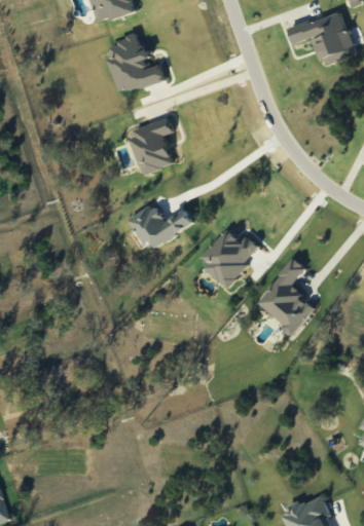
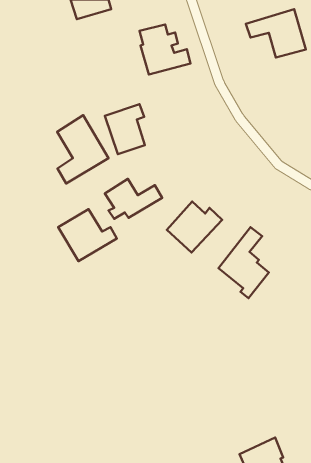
building: [109,36,167,92] -> [140,24,191,75]
building: none -> [57,115,109,183]
building: none -> [58,209,117,261]

